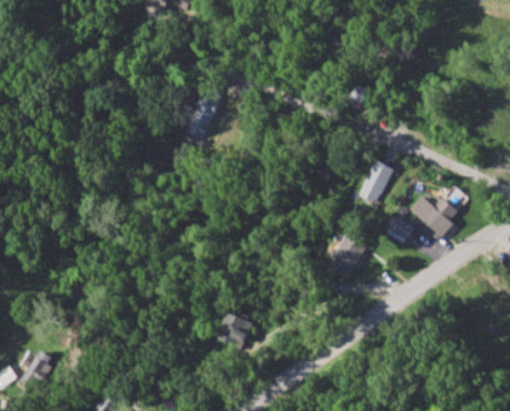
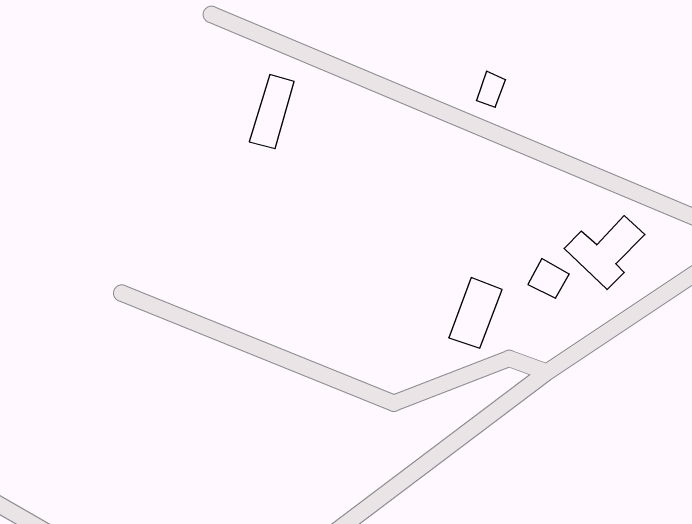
building: [359,160,395,206] -> none
building: [216,313,250,349] -> none
building: [24,352,55,387] -> none

